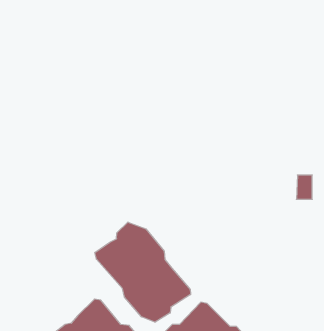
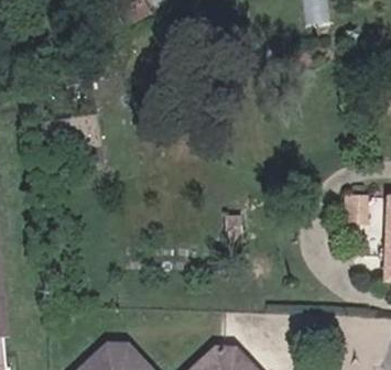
building: [95,222,191,322] -> none

